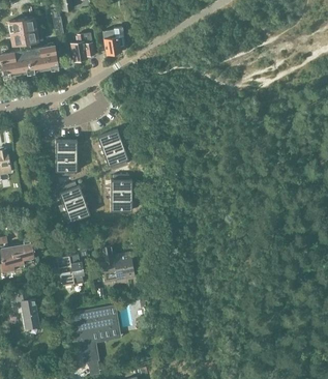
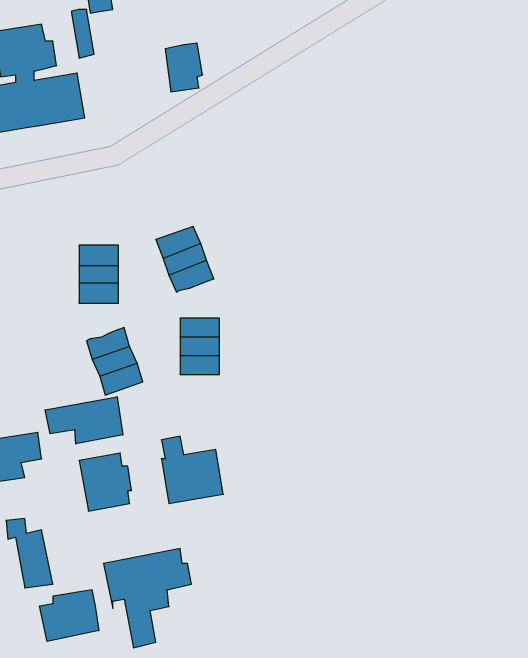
building: [70,33,94,62] -> none
building: none -> [45,397,123,444]
building: none -> [40,590,99,641]

